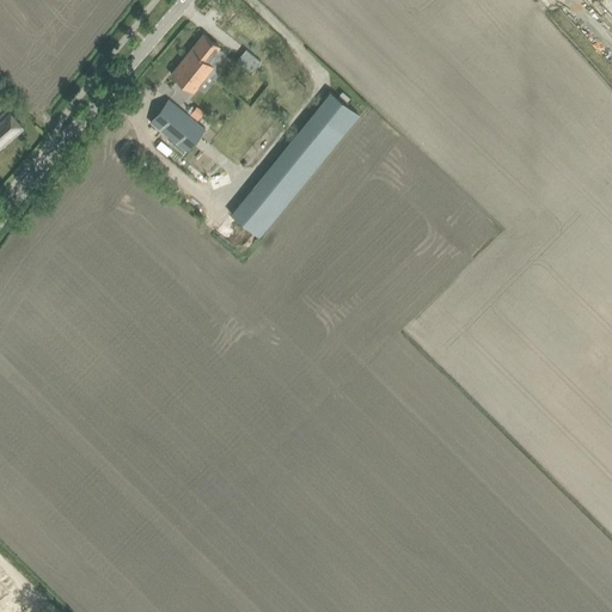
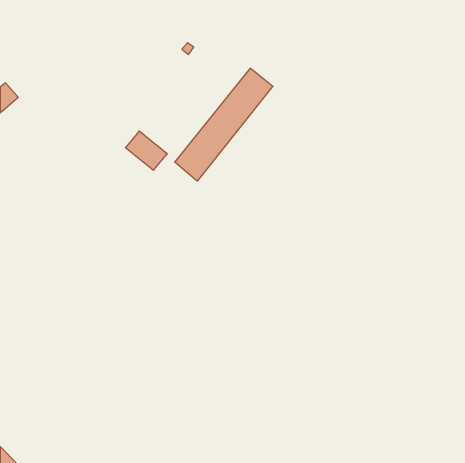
building: [171,36,226,93] -> none
building: [151,102,206,153] -> [125,131,167,170]

